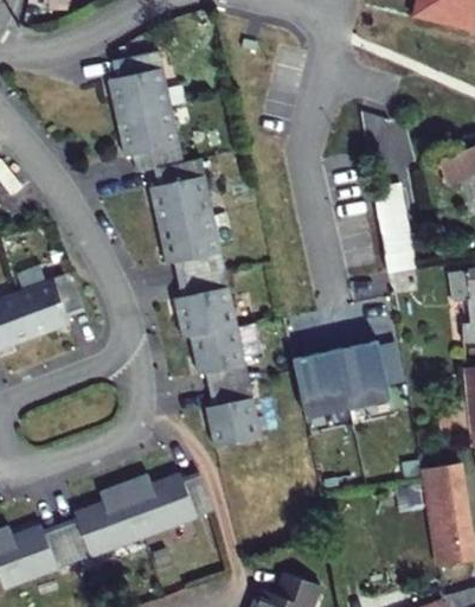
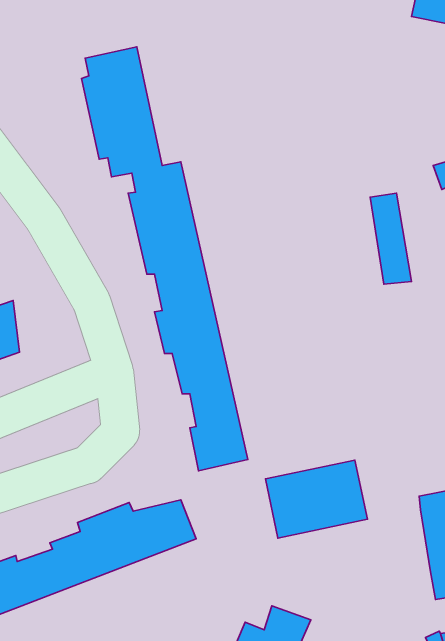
building: [40,273,85,333] -> none
building: [293,341,389,415] -> [265,460,367,538]

